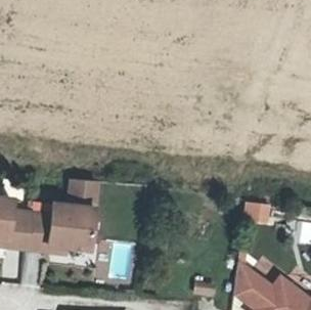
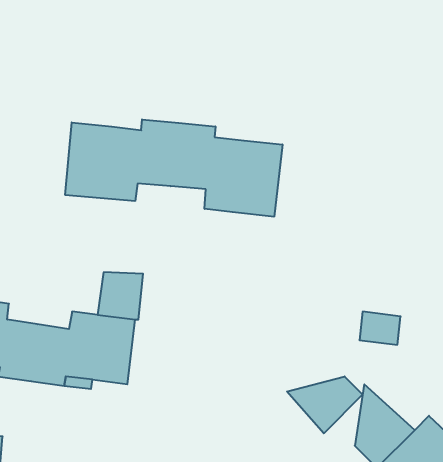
building: none -> [65,119,282,217]
building: none -> [287,376,363,433]

